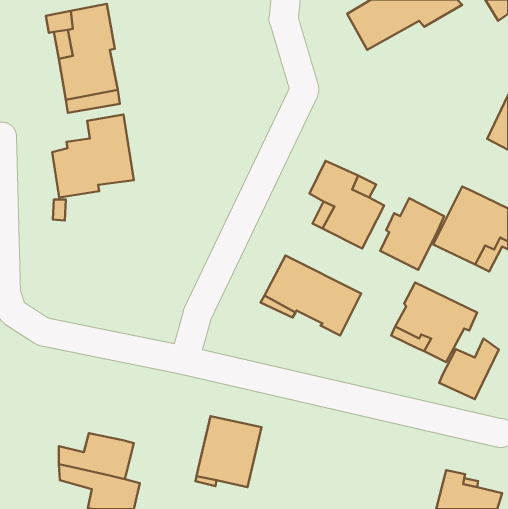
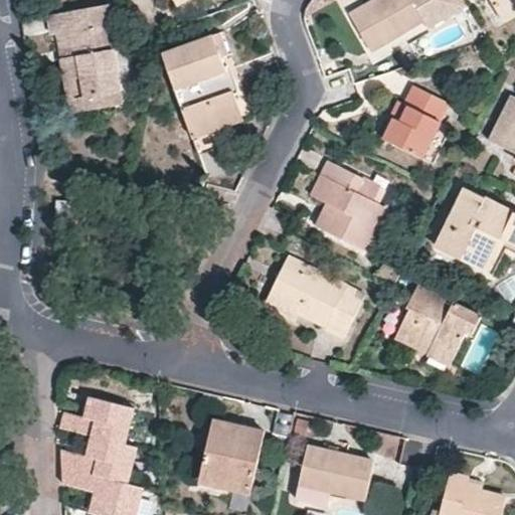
building: none -> [162,35,238,128]
building: [52,114,134,198] -> none
building: [380,198,444,270] -> [384,85,449,158]
building: [439,339,499,399] -> none
building: none -> [57,396,133,444]
building: none -> [295,447,374,504]

